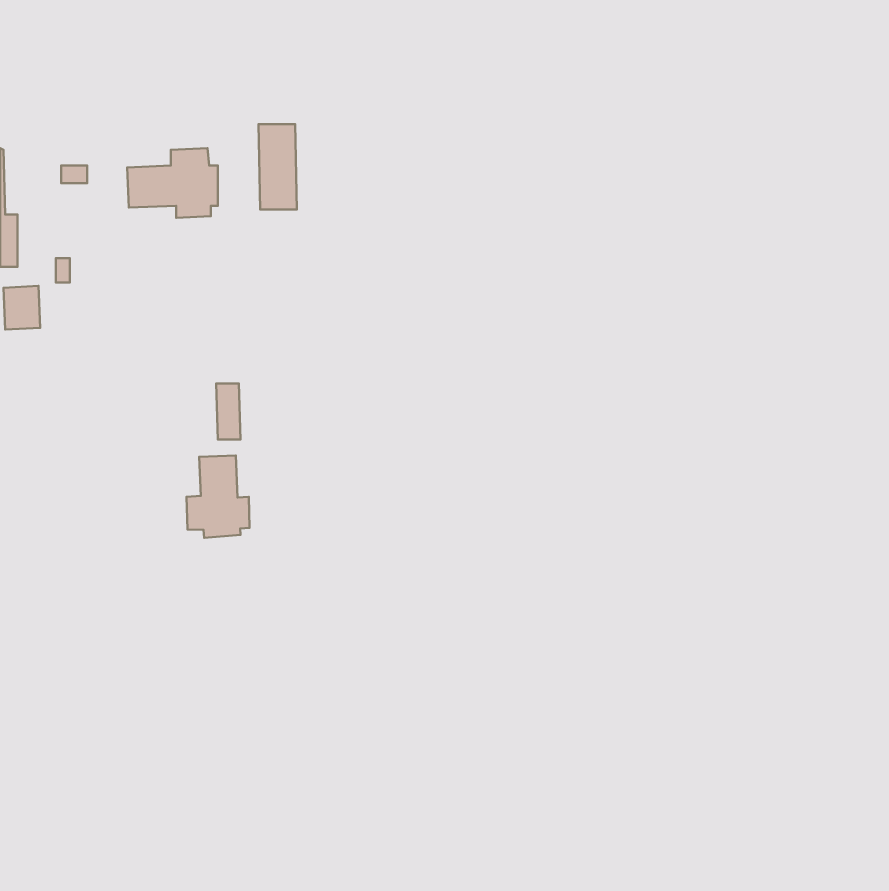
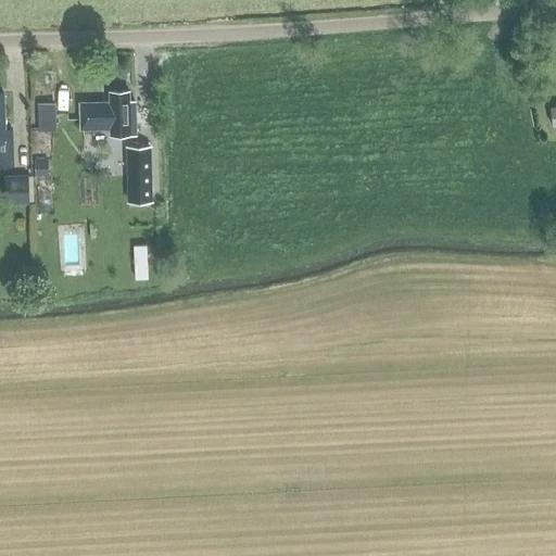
building: [259,124,297,210] -> [127,148,151,201]
building: [186,456,250,538] -> none

